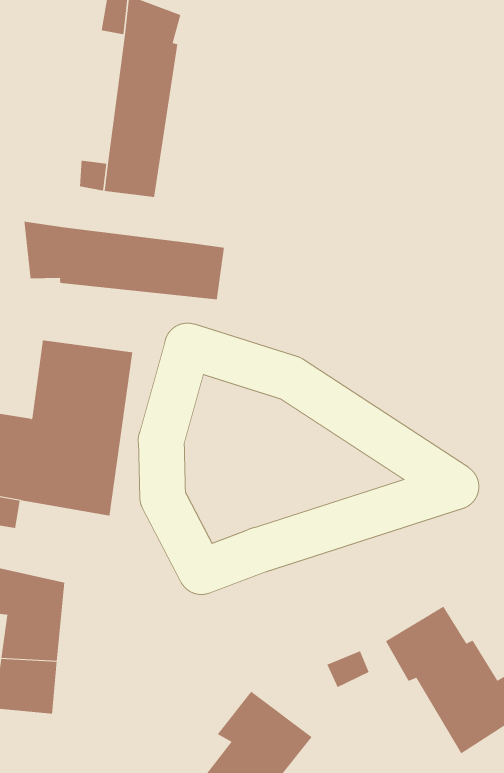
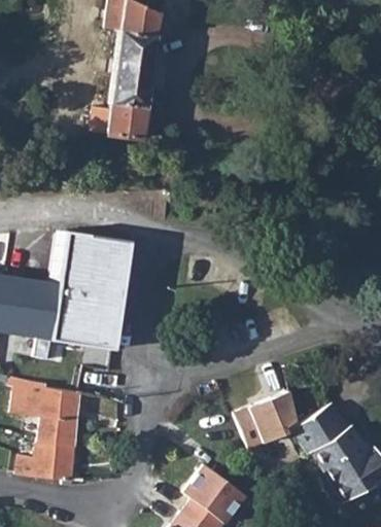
building: [24,221,224,300] -> none
building: none -> [233,386,295,448]

